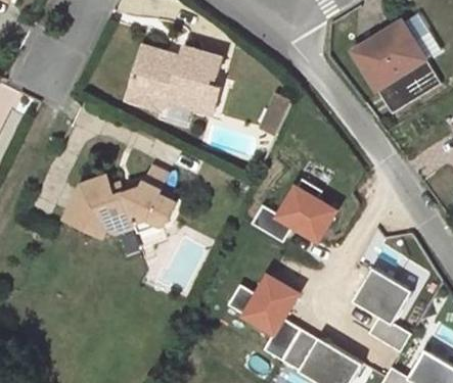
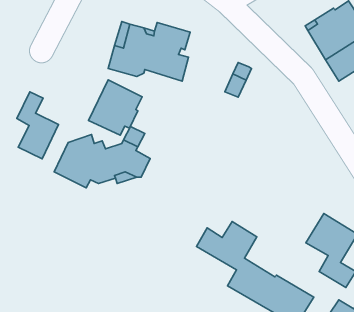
building: none -> [89,80,142,135]
building: none -> [17,92,59,159]
building: [253,178,337,242] -> none

